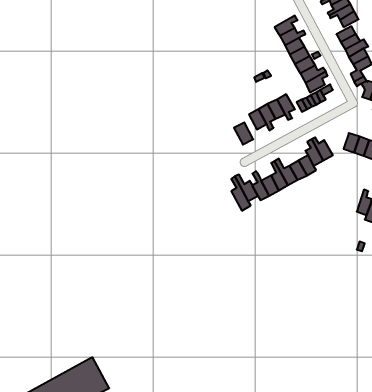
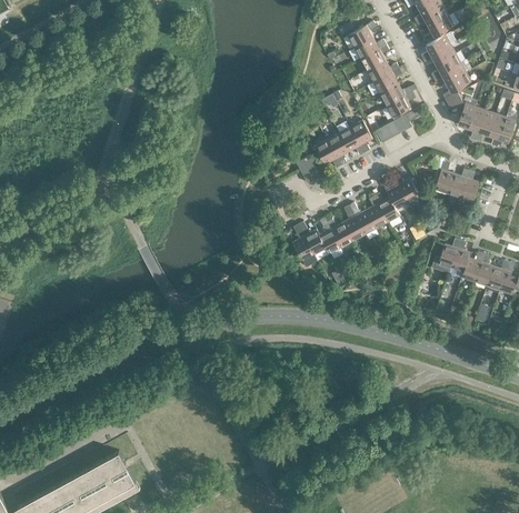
building: none -> [431,238,460,273]

